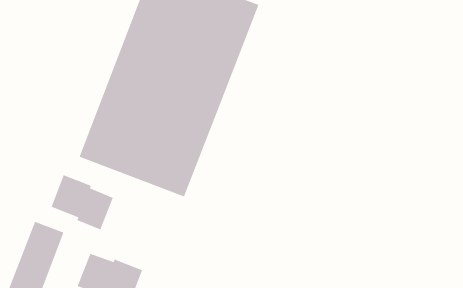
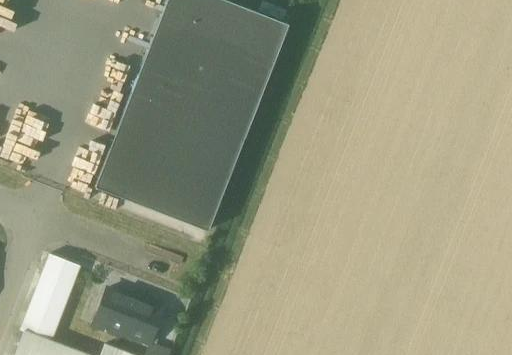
building: [51,174,114,230] -> none

